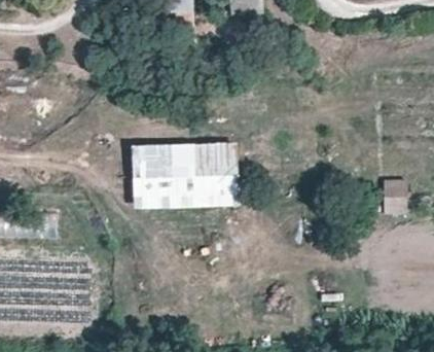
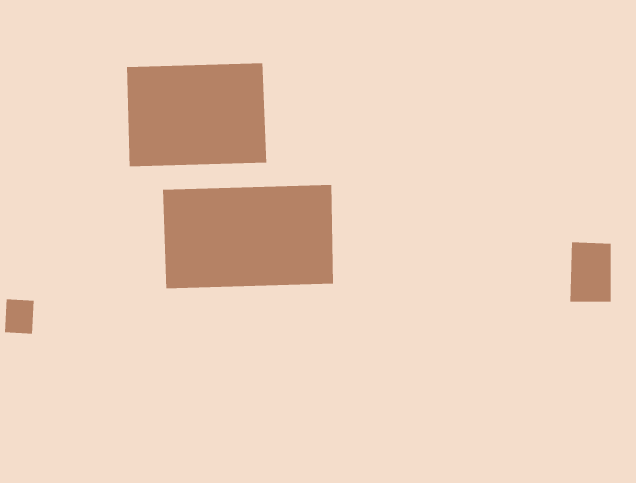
building: none -> [126,63,267,167]

